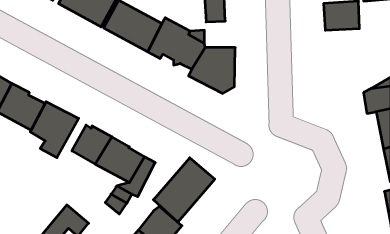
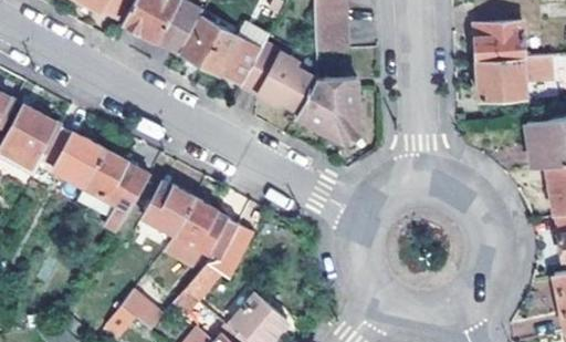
building: none -> [478,54,555,97]
building: [153,158,215,222] -> none

